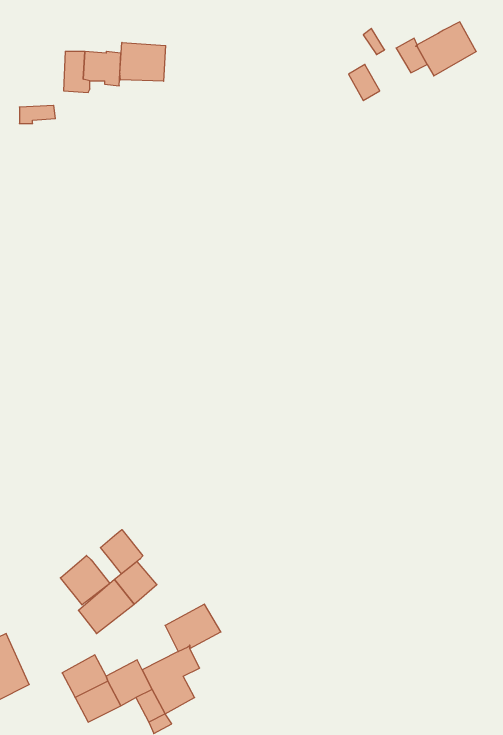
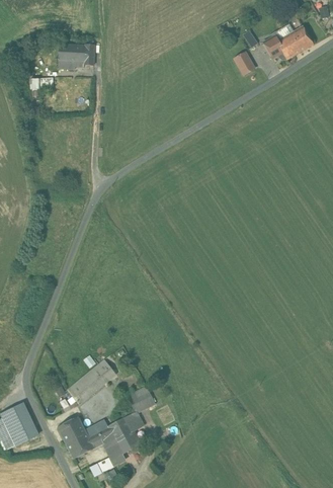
building: [120,42,166,81] -> none
building: [100,530,143,574] -> none
building: [60,555,110,605] -> none

